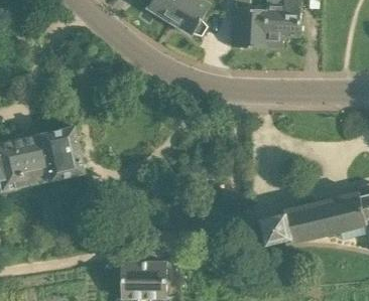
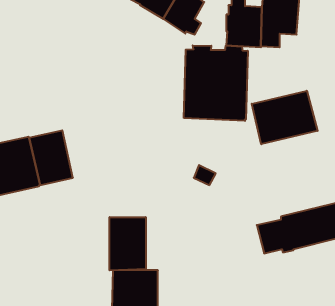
building: none -> [184,45,248,121]
building: none -> [252,91,318,144]
building: none -> [110,217,146,270]

